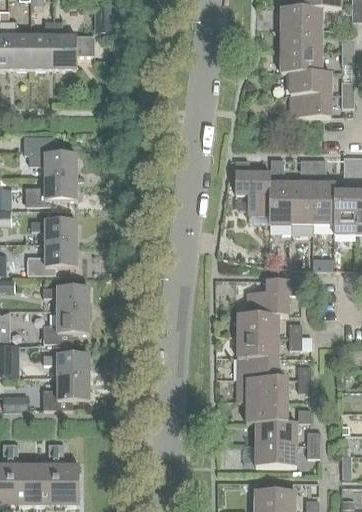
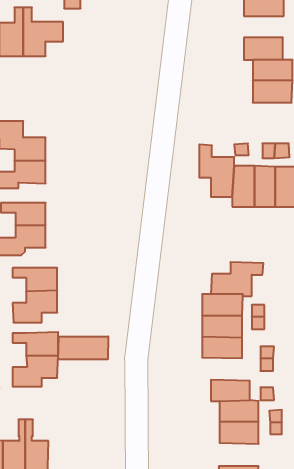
building: [280,27,321,49] -> none
building: none -> [58,336,108,359]
building: [237,378,286,402] -> none

